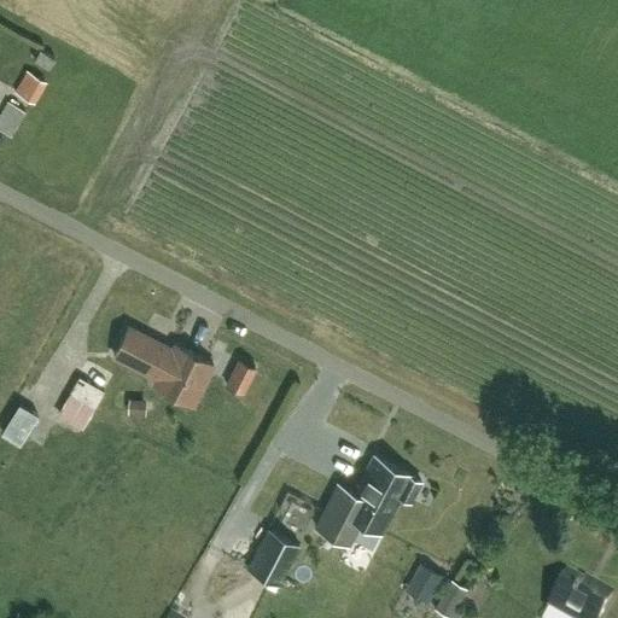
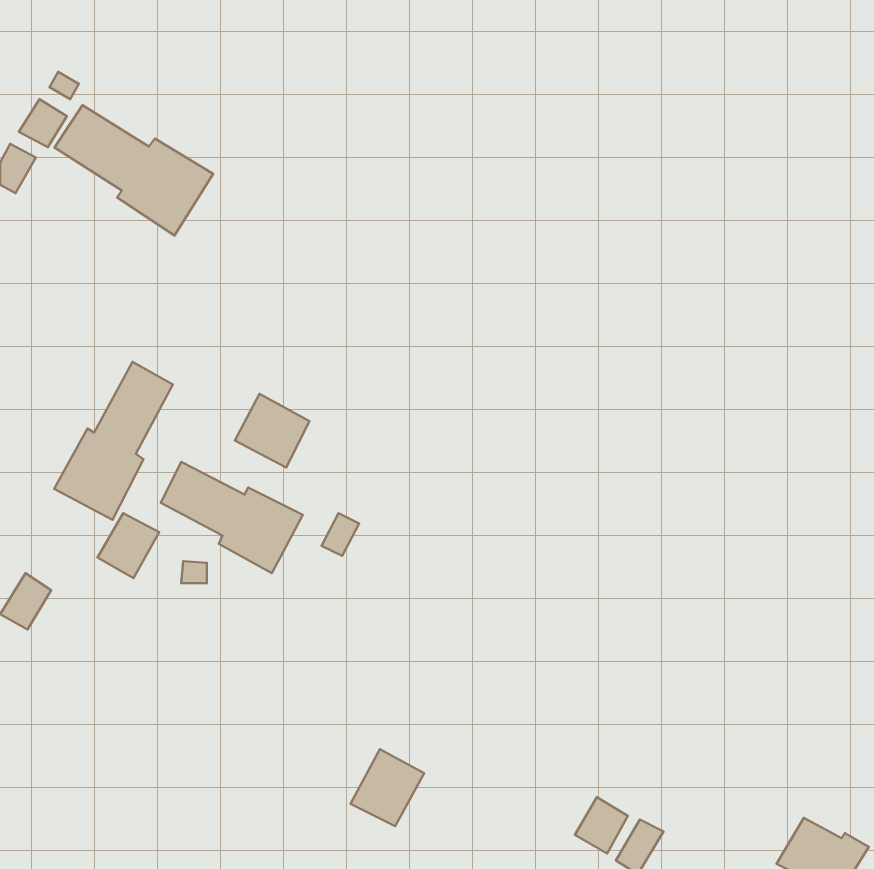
building: none -> [55,105,213,235]
building: none -> [54,362,173,520]
building: none -> [235,394,309,467]
building: [315,459,421,548] -> none

